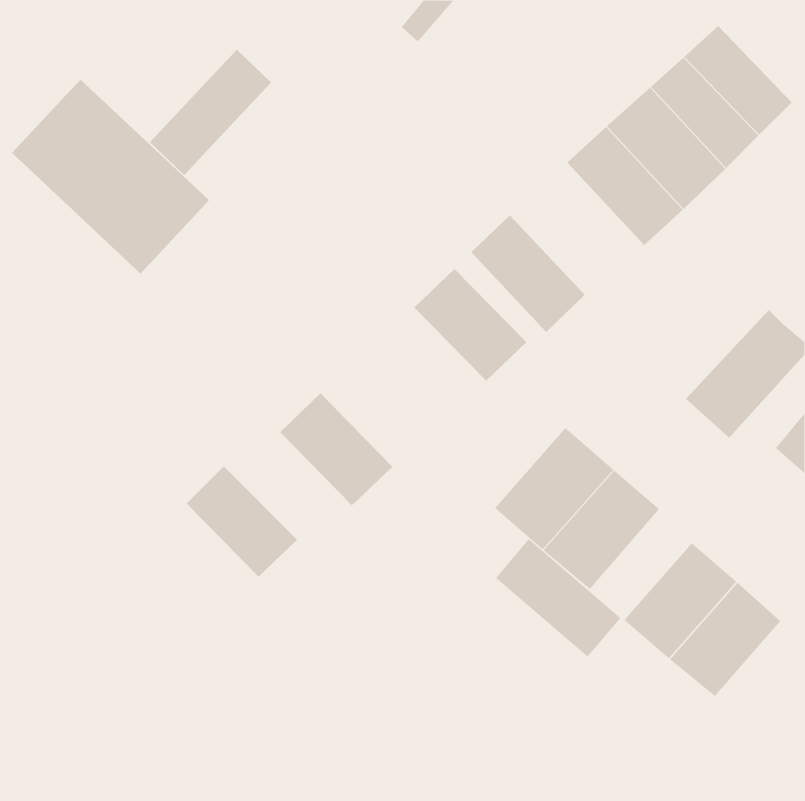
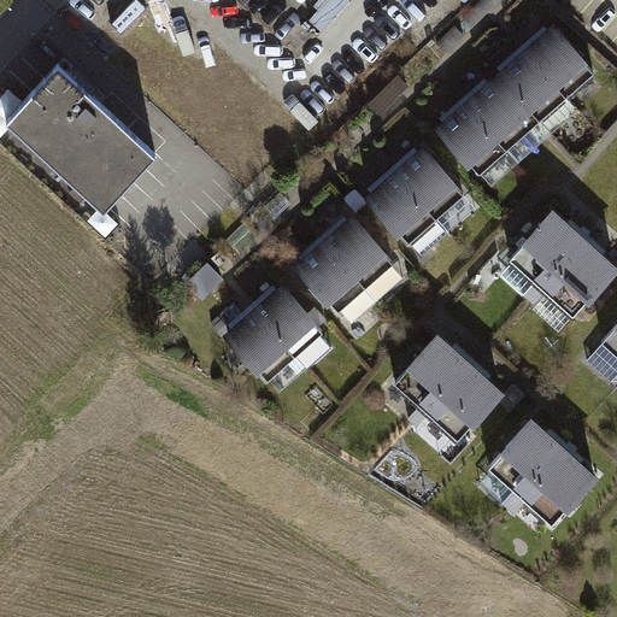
building: [149,49,272,176] -> none
building: none -> [389,141,476,229]
building: none -> [494,213,587,308]
building: none -> [286,239,371,325]
building: [186,466,298,578] -> [245,275,330,360]
building: [495,538,621,658] -> none

